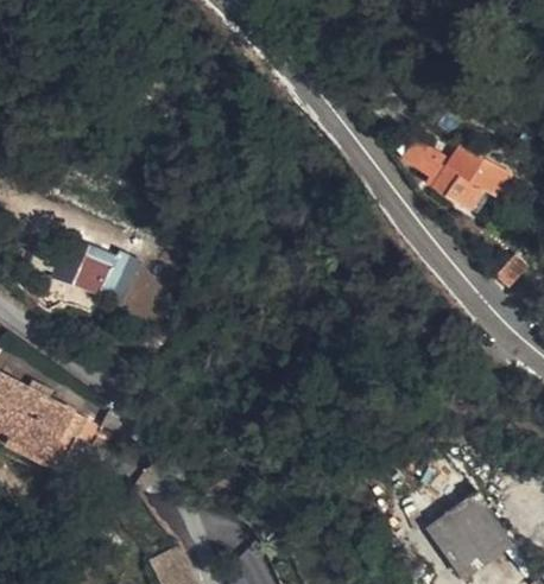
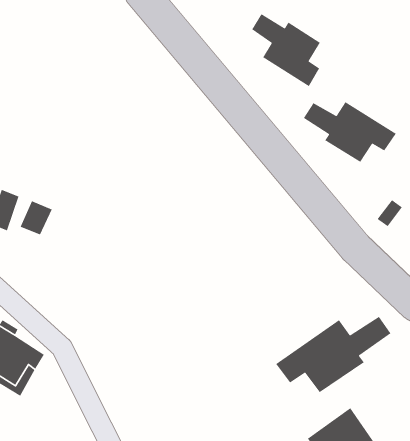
building: none -> [251,13,321,87]
building: none -> [275,316,391,393]

